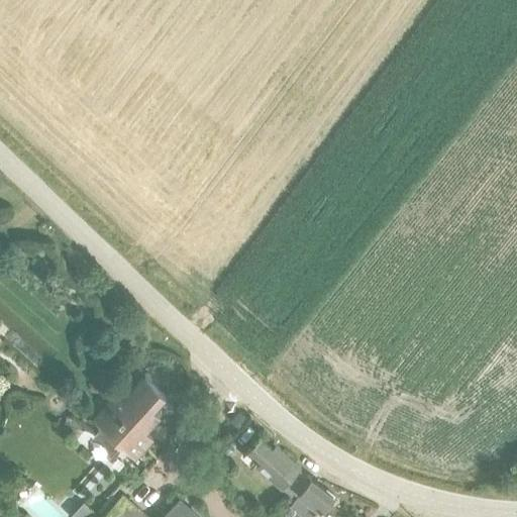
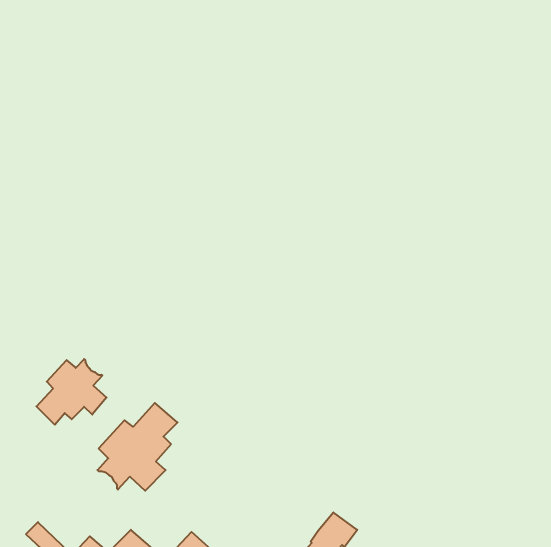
building: none -> [36,359,107,425]
building: [250,442,313,503] -> none

